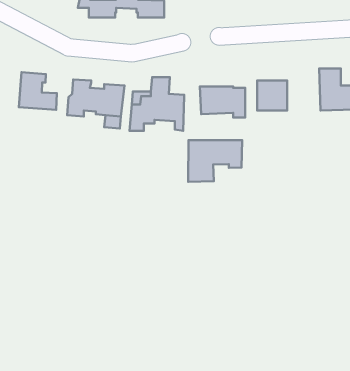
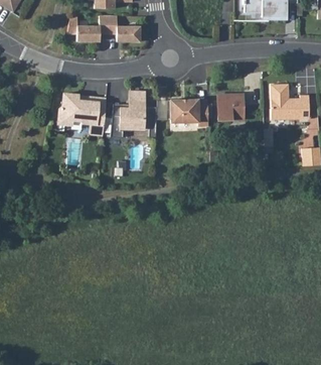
building: [19,72,57,110] -> none
building: [188,140,242,182] -> none

